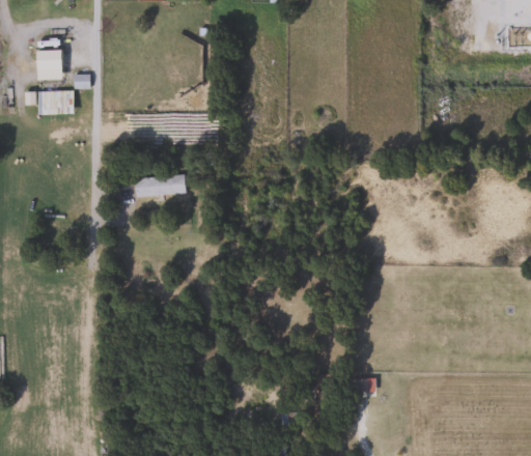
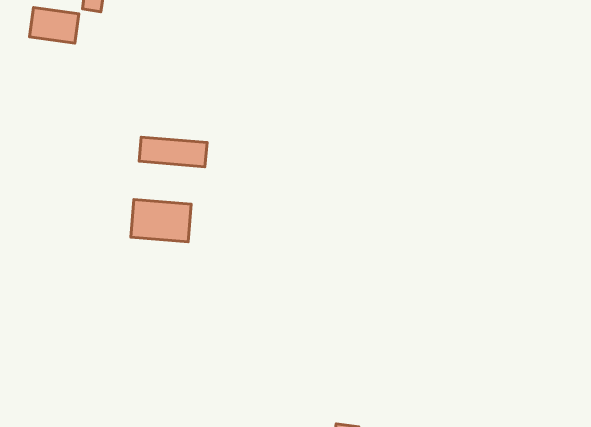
building: none -> [131,199,191,242]

